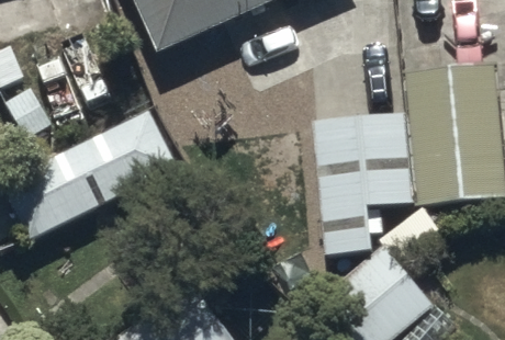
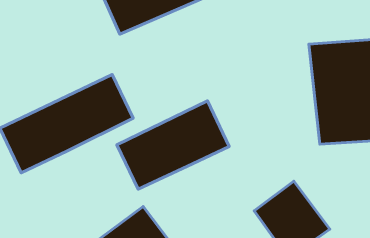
building: [315,113,411,254] -> none
building: none -> [117,101,229,189]

